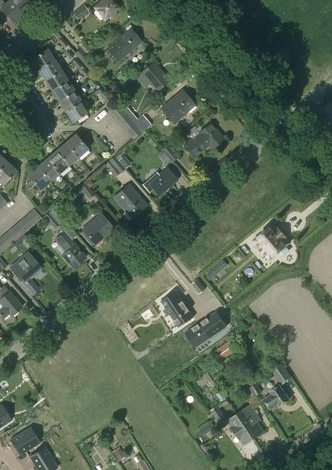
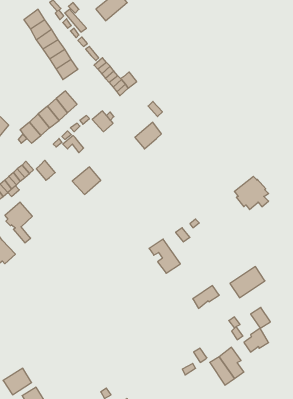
building: [136,62,168,90] -> none
building: [161,90,196,122] -> none
building: [183,123,223,156] -> none
building: [114,184,146,217] -> none
building: [56,232,85,268] -> none
building: [188,313,225,346] -> [230,267,265,298]

